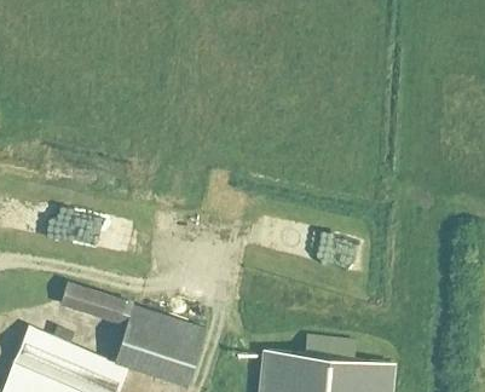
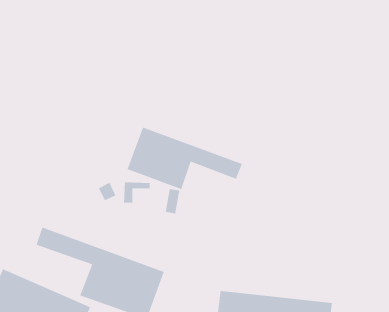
building: none -> [127,127,243,190]

